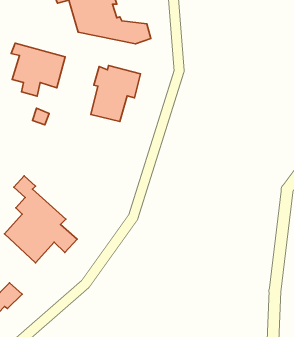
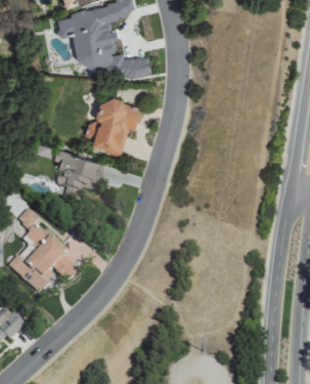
building: [11,43,65,96] -> [53,148,106,201]

